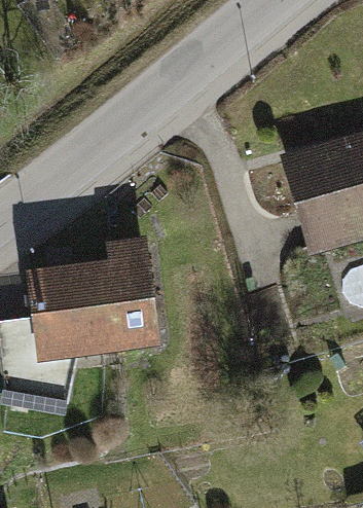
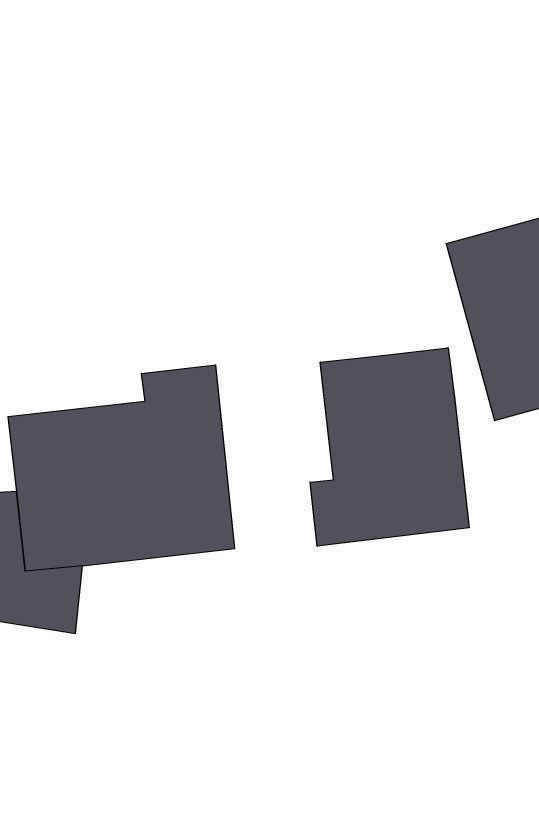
building: none -> [310,348,469,546]

